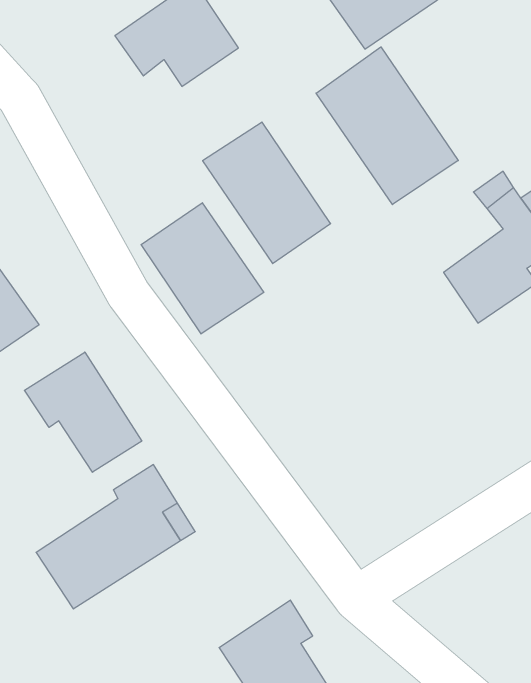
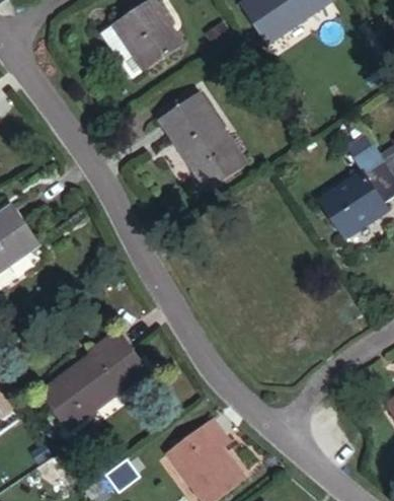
building: [316,47,458,205] -> none
building: [141,203,264,334] -> none
building: [24,352,142,472] -> none

